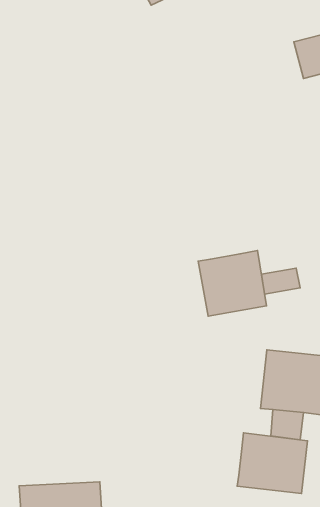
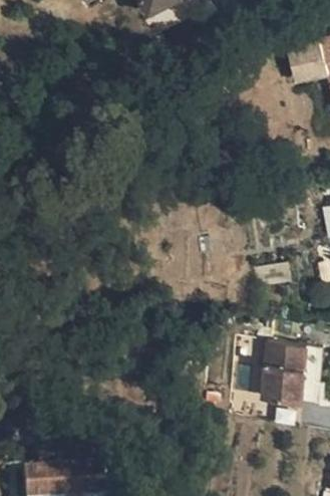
building: [198,251,266,316] -> none
building: [237,433,308,493] -> none

